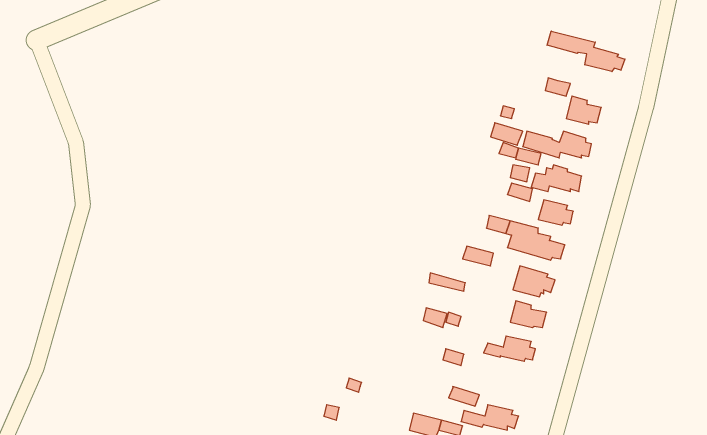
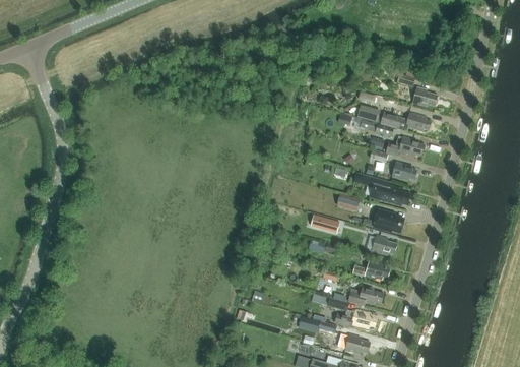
building: [547,31,625,72] -> none
building: none -> [347,285,383,306]

